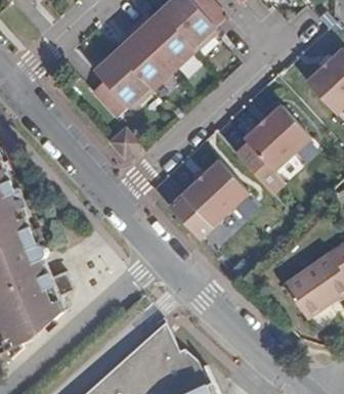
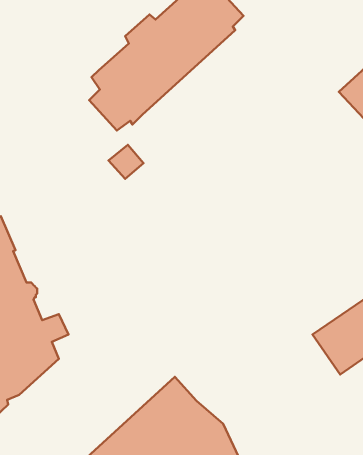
building: [243,105,308,171] -> none
building: [168,160,247,237] -> none

